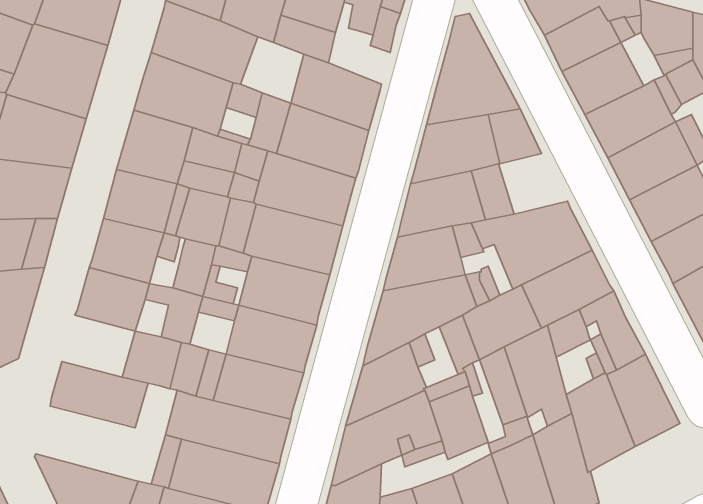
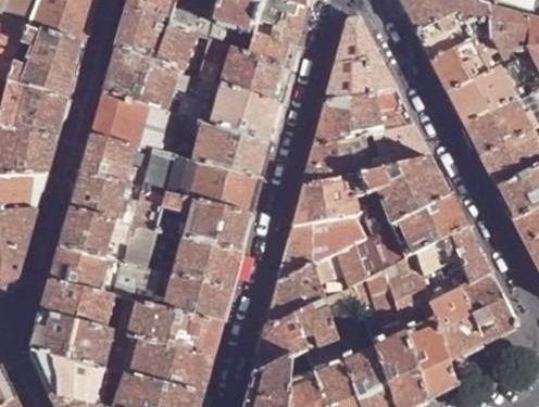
building: none -> [251,29,298,69]
building: none -> [199,38,233,84]
building: none -> [379,122,431,167]
building: none -> [50,243,105,290]
building: none -> [30,311,113,367]

